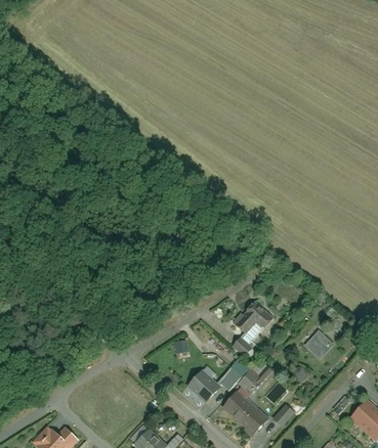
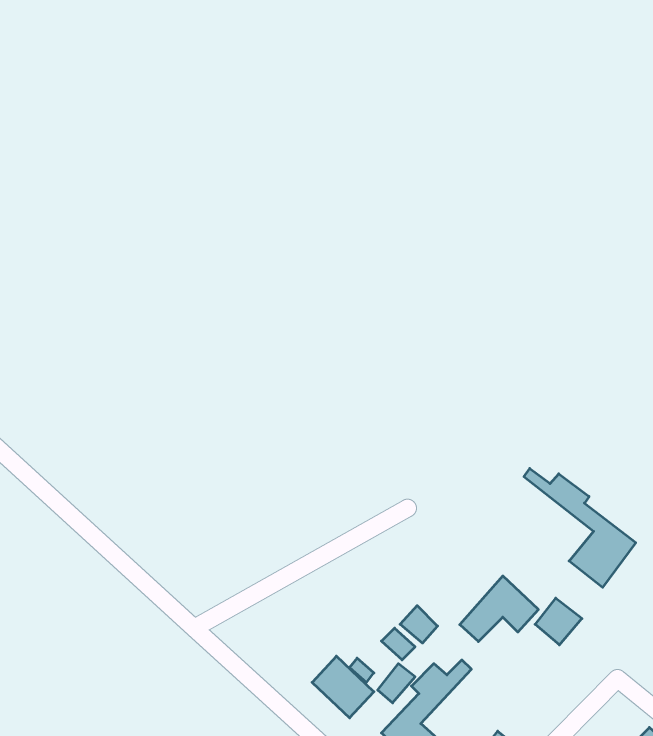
building: none -> [524,468,636,587]
building: [232,296,275,331] -> [460,576,538,642]

